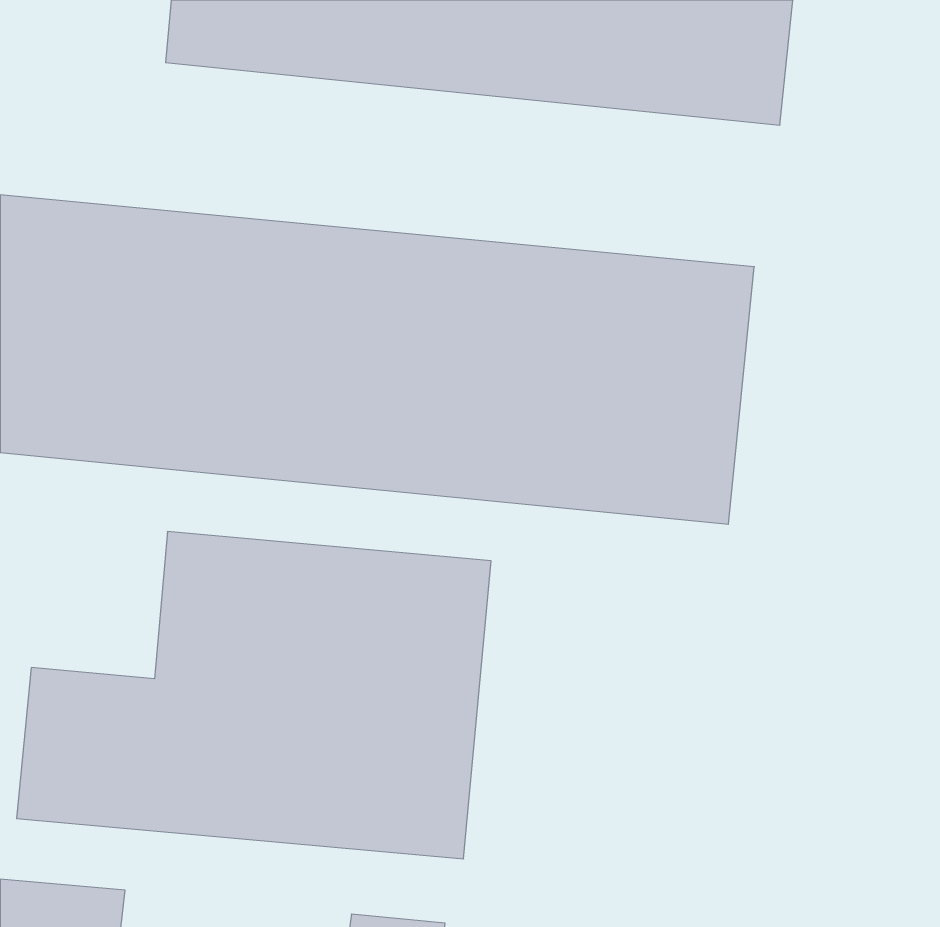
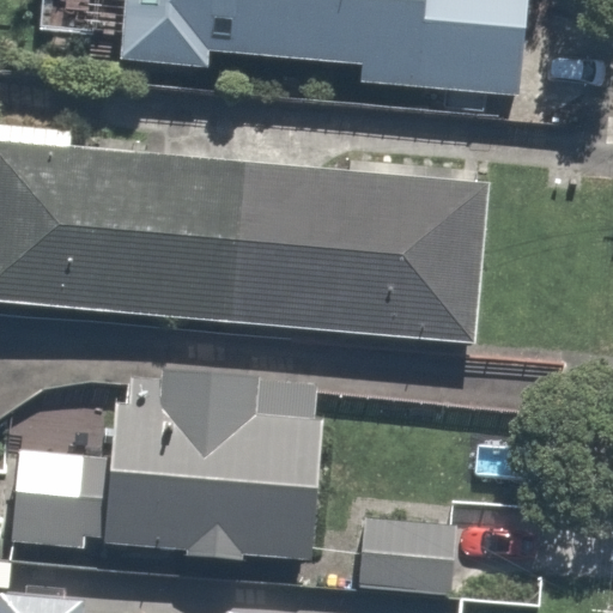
building: none -> [345,512,455,605]

